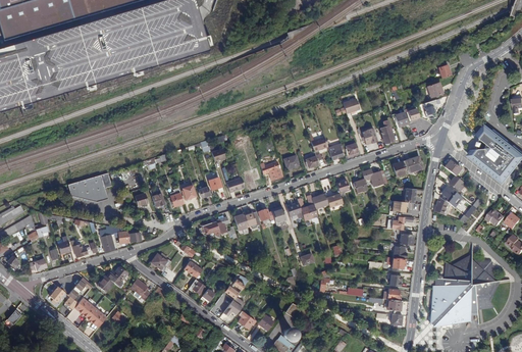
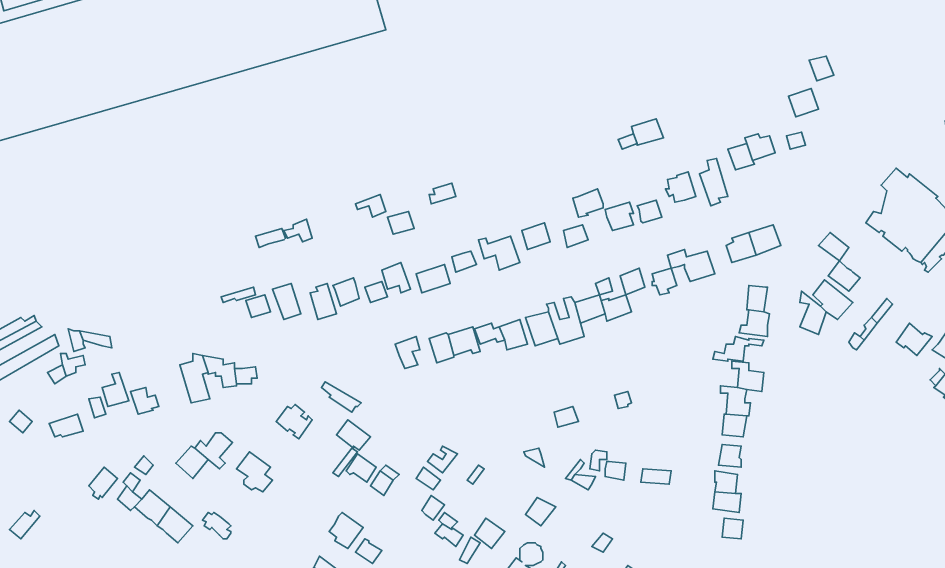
building: [67,172,110,201] -> none
building: [432,256,497,325] -> none

